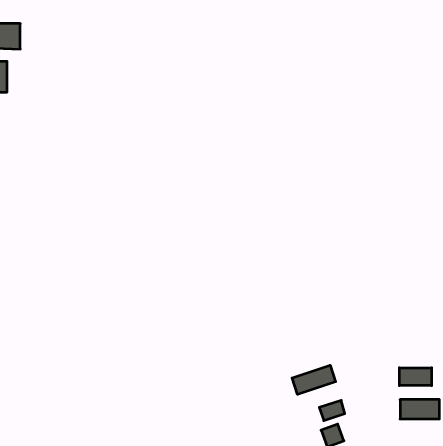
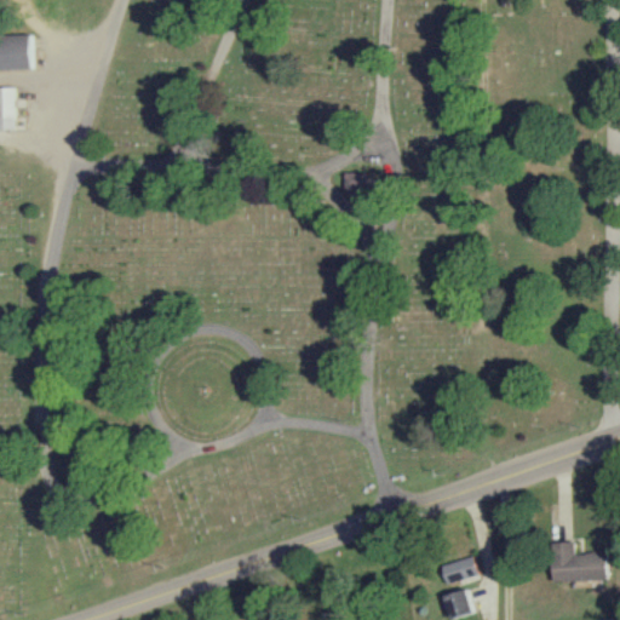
building: [292,365,336,394] -> none
building: [399,368,432,386] -> none

